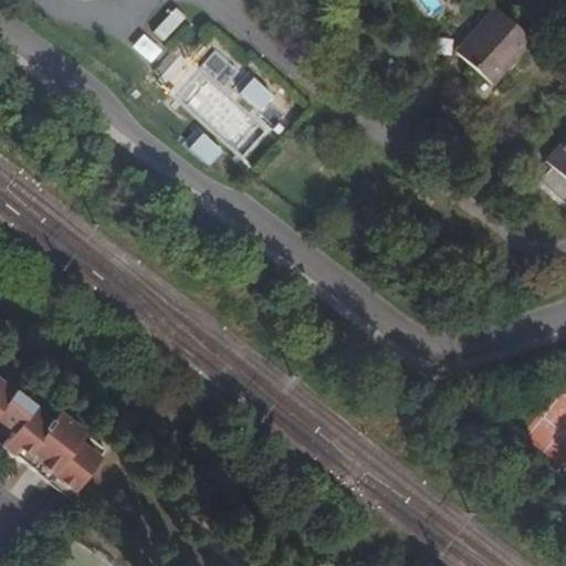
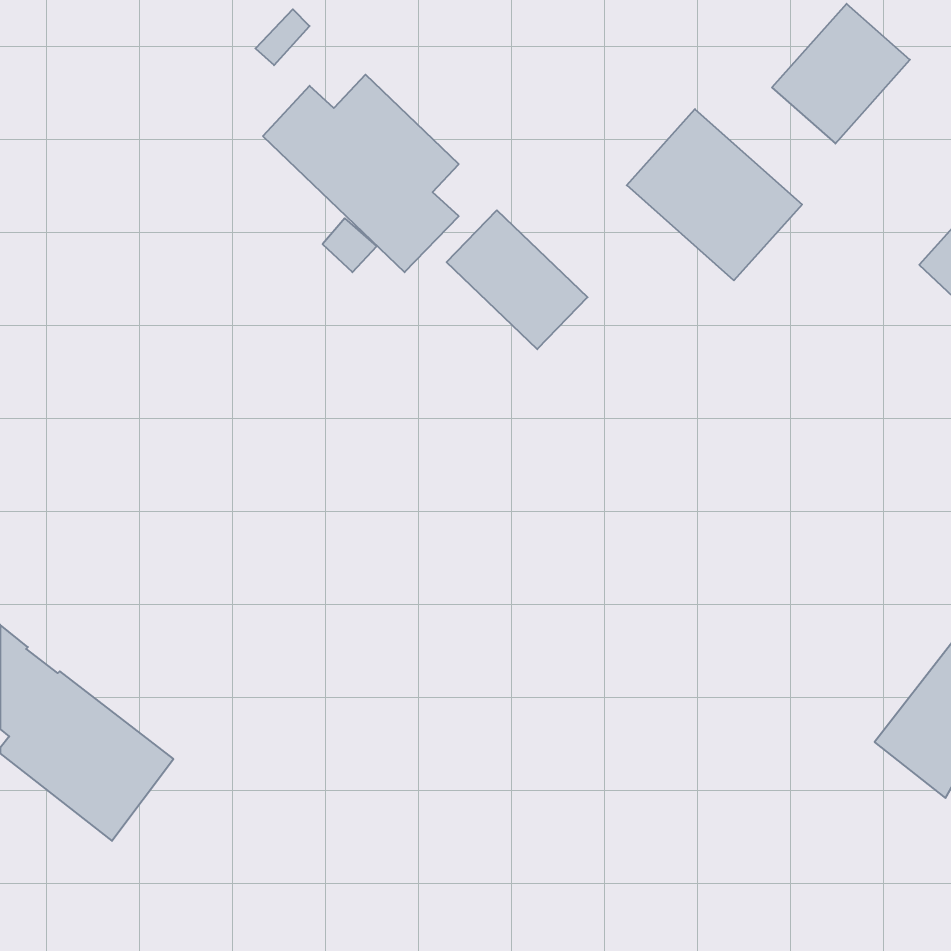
building: none -> [627,109,802,280]
building: none -> [447,210,588,349]

